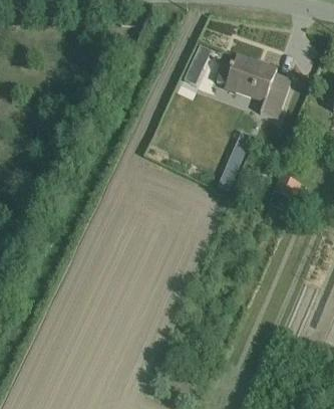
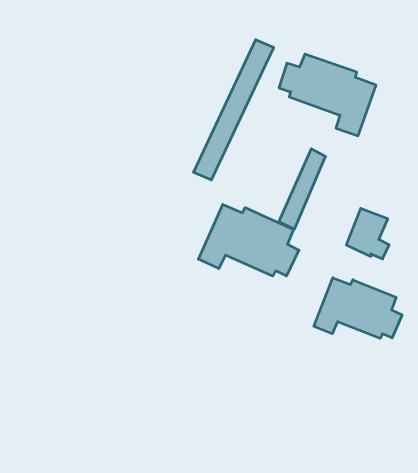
building: none -> [198,204,299,276]
building: none -> [314,278,402,338]

